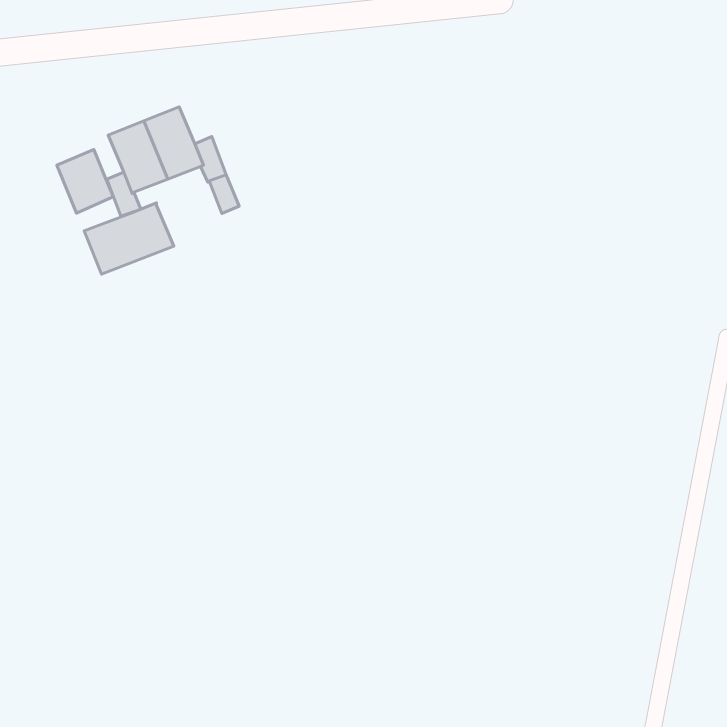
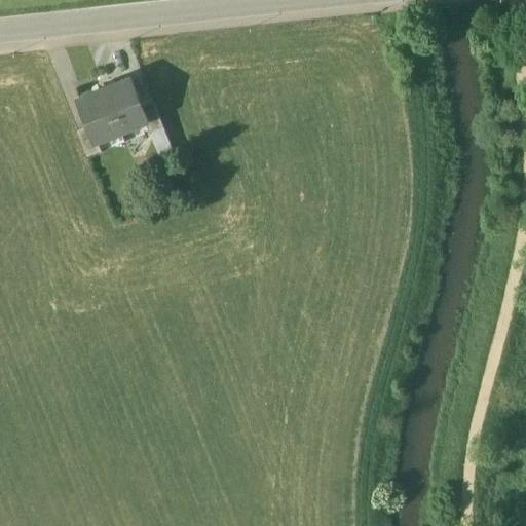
building: [57,149,114,213] -> none
building: [84,203,174,274] -> none

